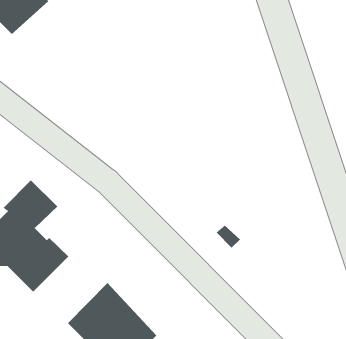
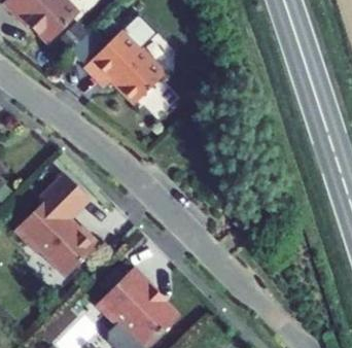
building: none -> [84,29,166,104]

